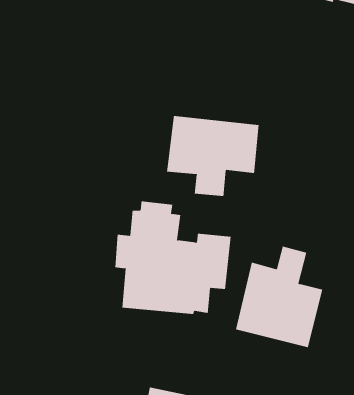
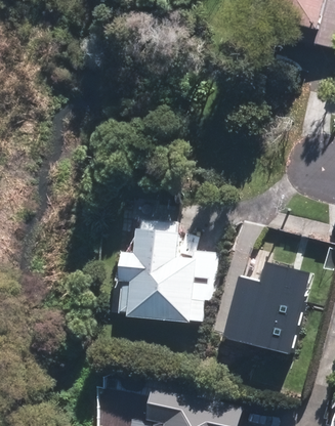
building: [166,115,259,197] -> none

